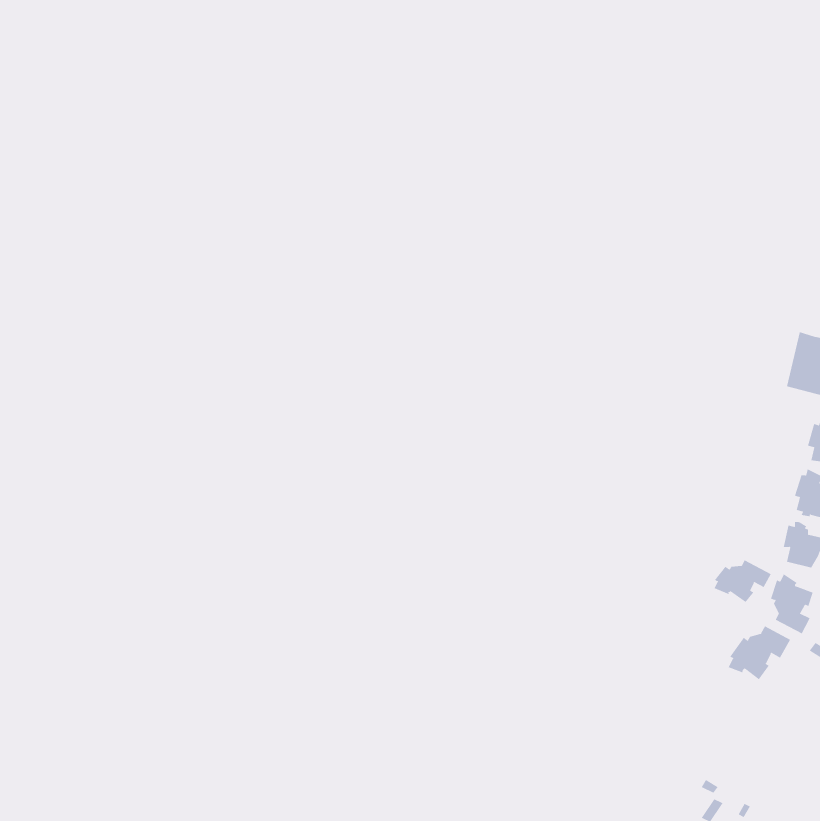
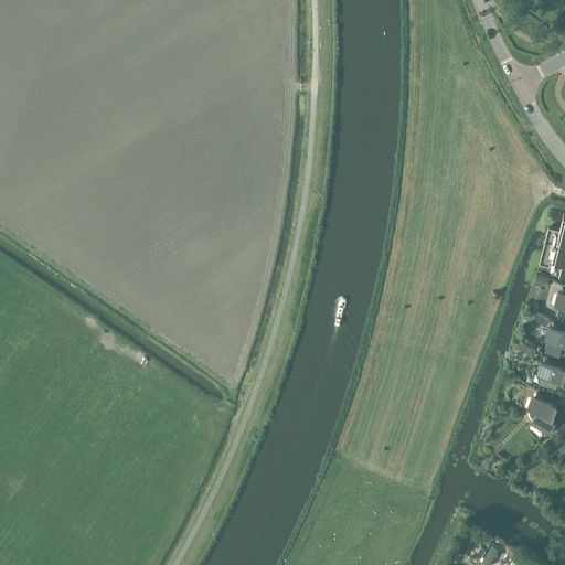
building: [713,560,772,603] -> none
building: [727,626,791,680] -> none

